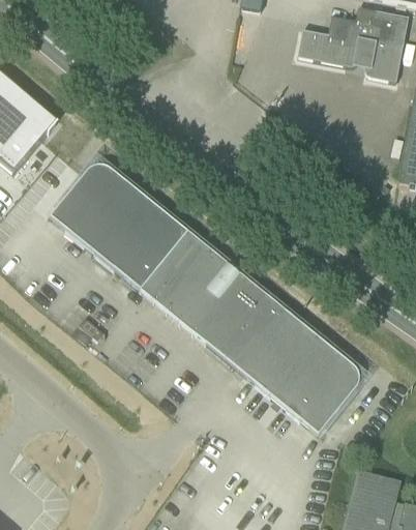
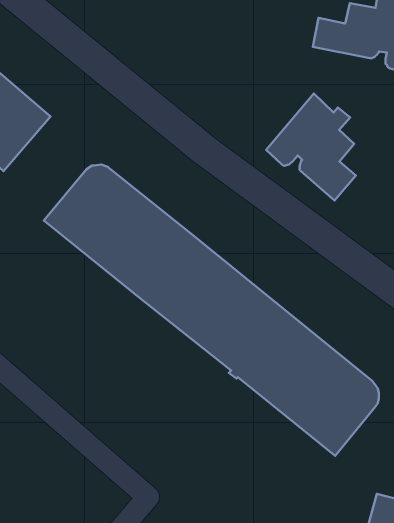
building: none -> [266,93,356,201]

